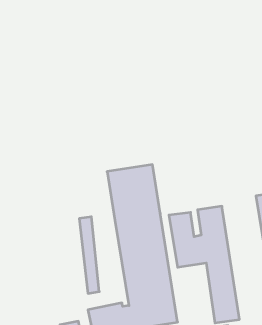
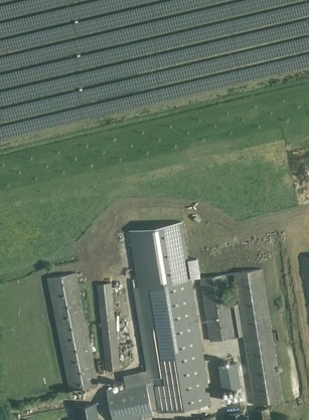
building: none -> [47,275,98,392]
building: none -> [217,363,241,391]

